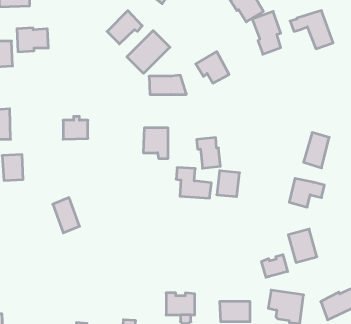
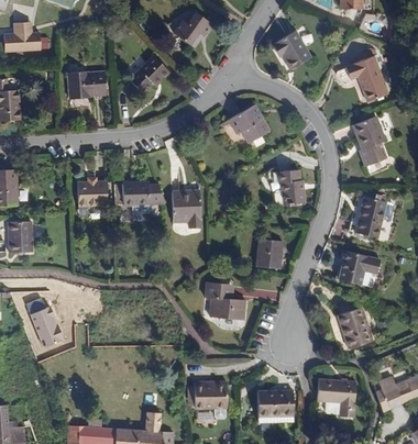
building: [252,11,281,54] -> [354,116,387,166]
building: [17,28,48,52] -> [68,70,105,98]
building: [127,31,170,73] -> none
building: [149,75,186,94] -> [121,182,164,204]
building: [197,138,220,168] -> [276,169,304,204]
building: [176,168,211,198] -> [206,284,246,319]
building: [53,198,80,233] -> [31,307,62,347]
building: [262,255,288,277] -> none

